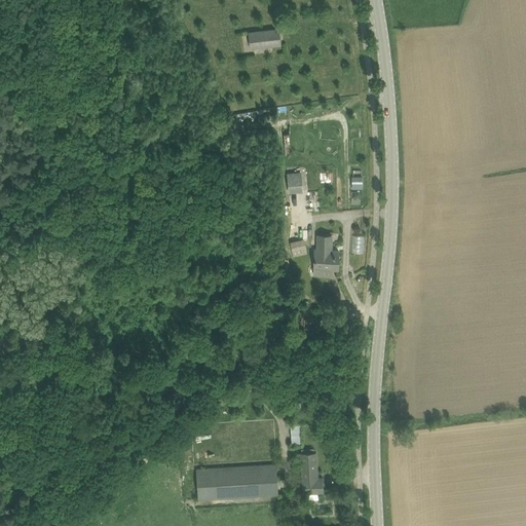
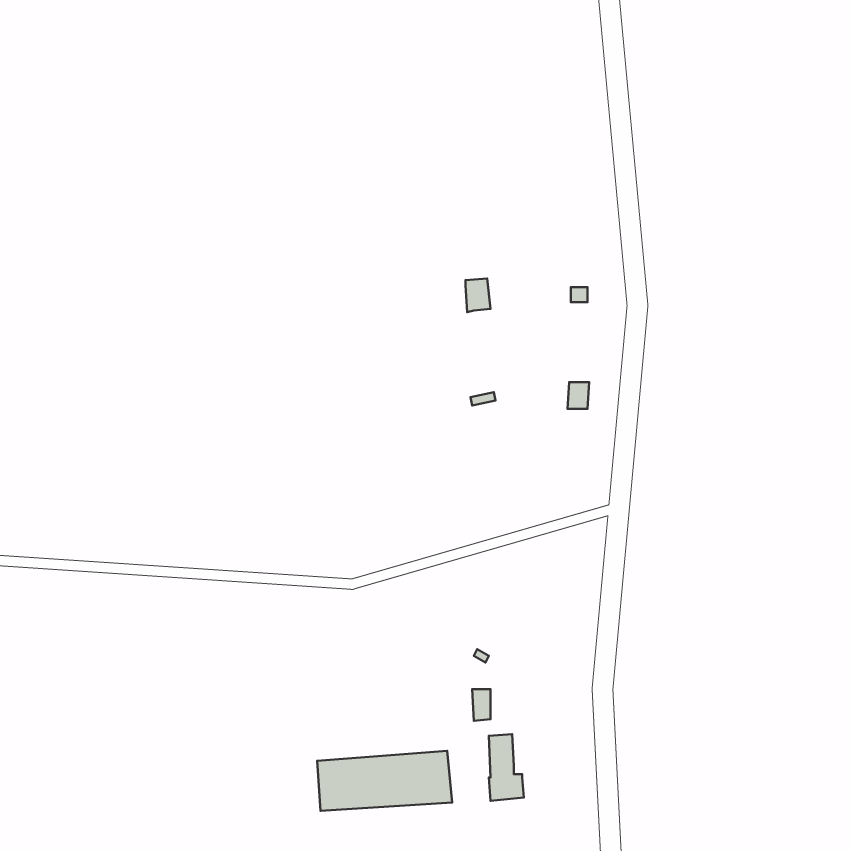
building: [249,29,281,49] -> none
building: [312,236,338,276] -> none

